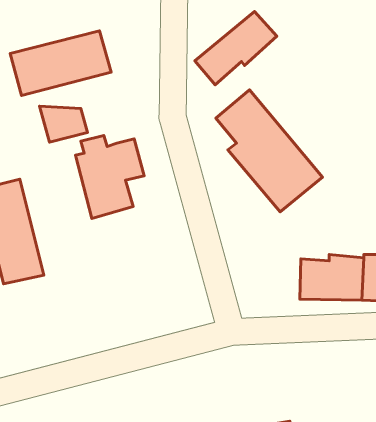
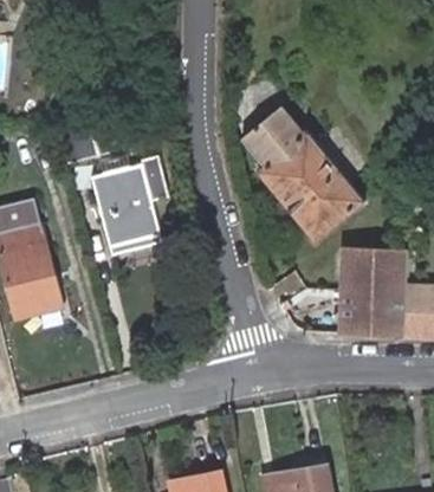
building: [195,11,277,85] -> none
building: [10,31,111,95] -> none
building: none -> [338,248,407,292]

